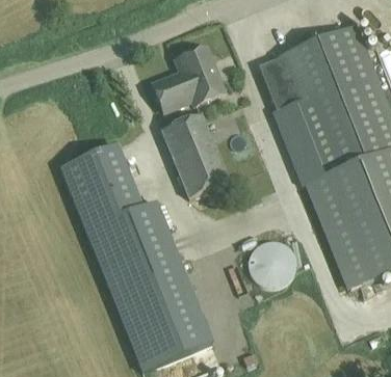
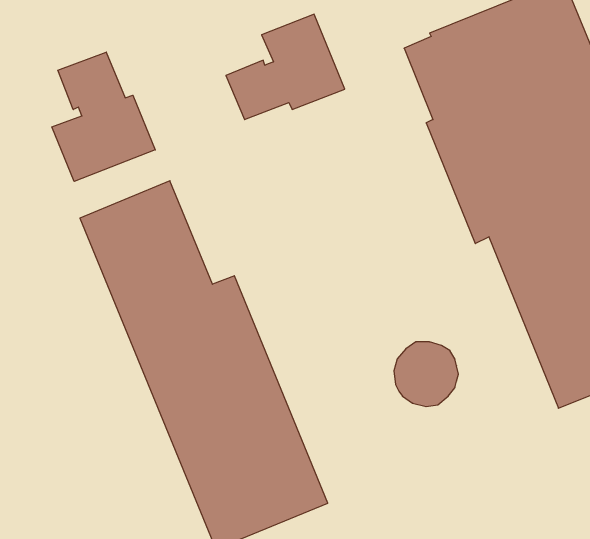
building: none -> [52,52,155,181]
building: [160,110,226,194] -> none

